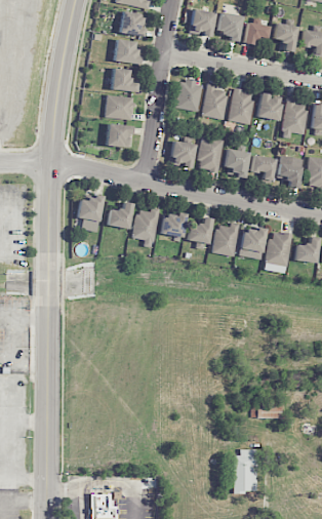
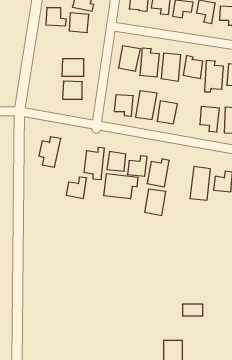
building: [112,69,137,91] -> [46,8,66,26]
building: [251,155,276,182] -> none
building: [108,202,133,229] -> [66,177,87,198]
building: [239,227,266,260] -> [145,189,166,215]
building: none -> [104,174,138,199]

